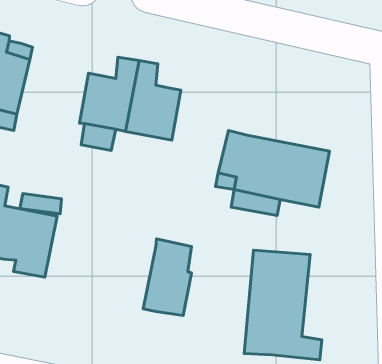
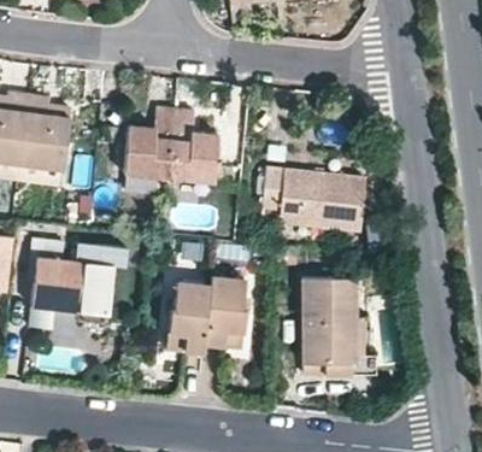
building: none -> [164,281,208,352]

